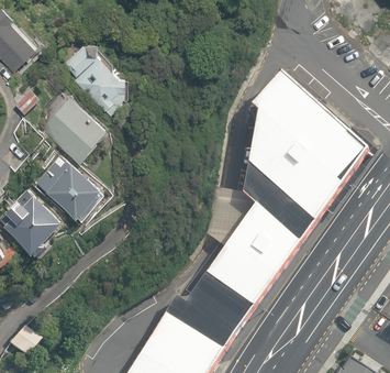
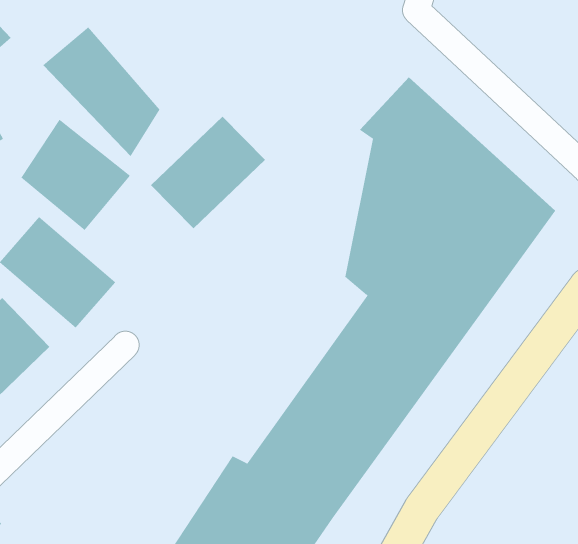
building: none -> [150,116,266,229]

